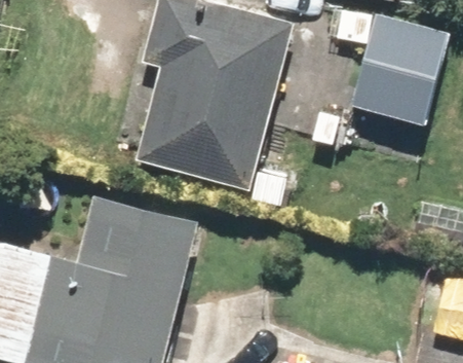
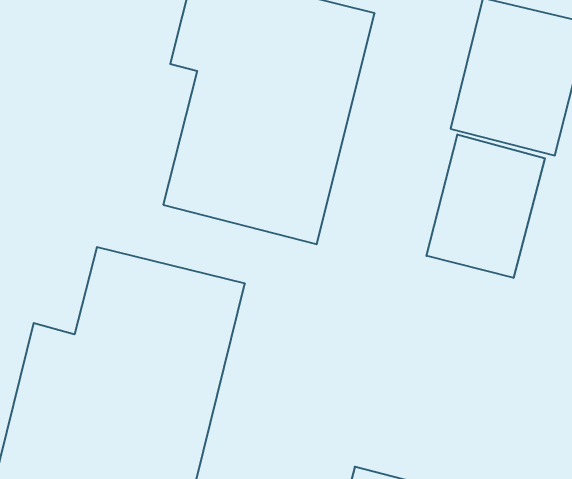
building: none -> [426,134,545,278]

